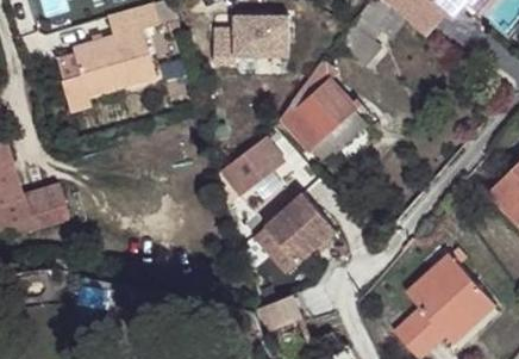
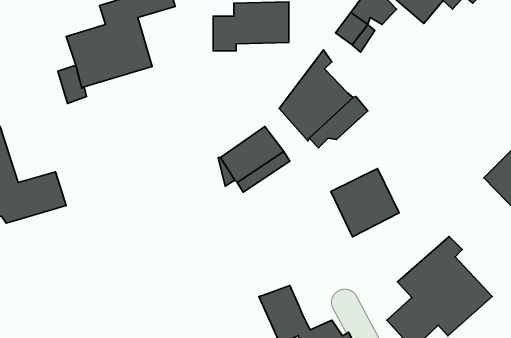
building: [269,202,337,270] -> [331,169,399,237]

